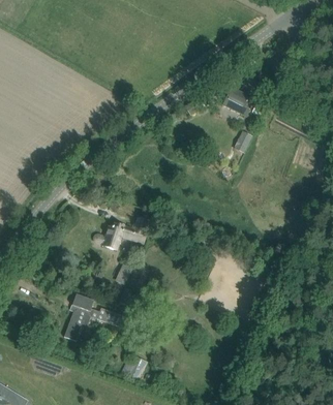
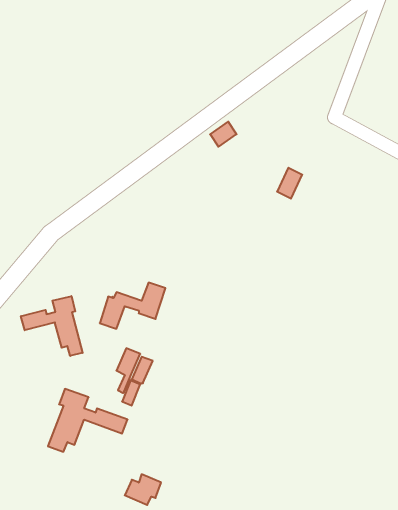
building: [222,87,254,116] -> none
building: none -> [21,296,83,356]

